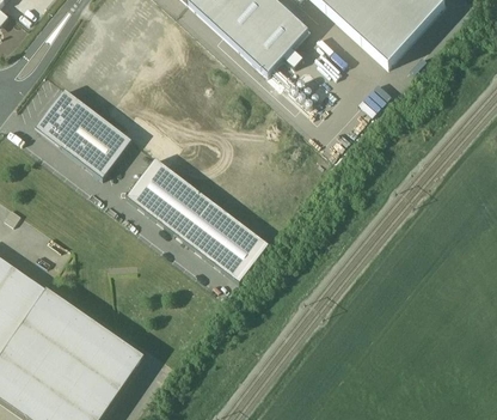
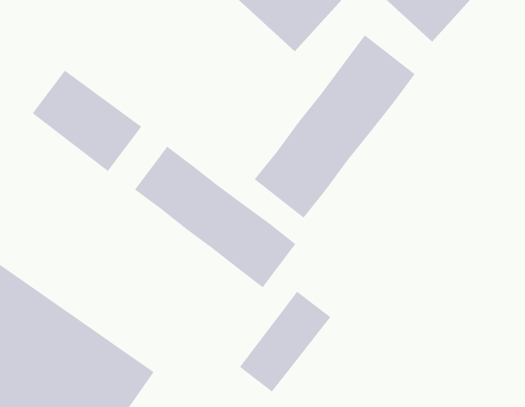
building: none -> [254,35,415,218]
building: none -> [239,291,331,393]

